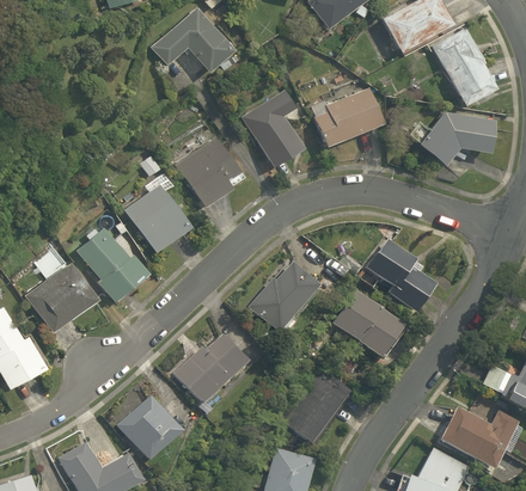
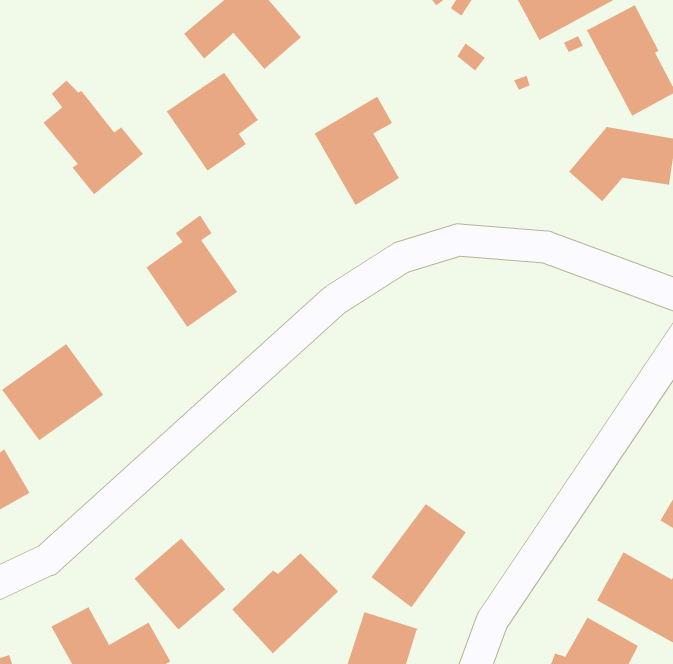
building: [314,87,383,146] -> none
building: [176,137,240,207] -> [166,72,259,172]
building: [78,220,148,300] -> [42,80,144,195]
building: [366,239,436,315] -> none
building: [249,264,319,333] -> none
building: [332,291,404,360] -> none
building: [173,336,247,406] -> [232,553,338,654]

